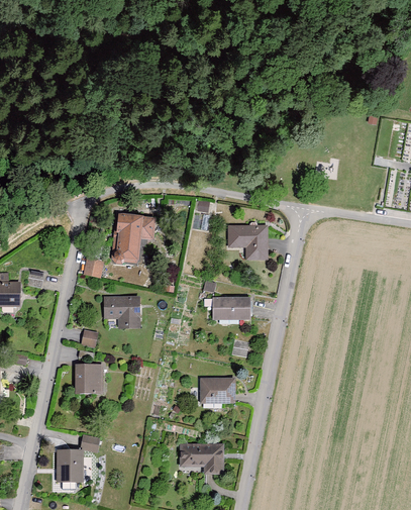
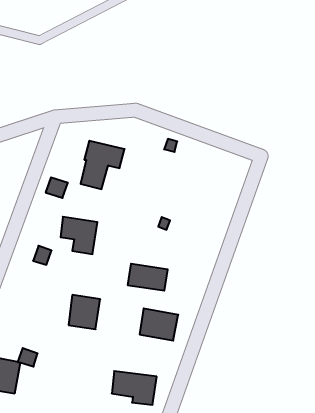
building: [227,225,268,260] -> none
building: [212,298,250,320] -> [128,264,168,291]
building: [75,365,104,396] -> [69,295,100,329]

